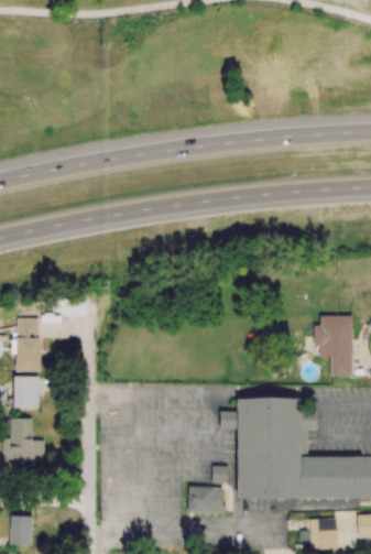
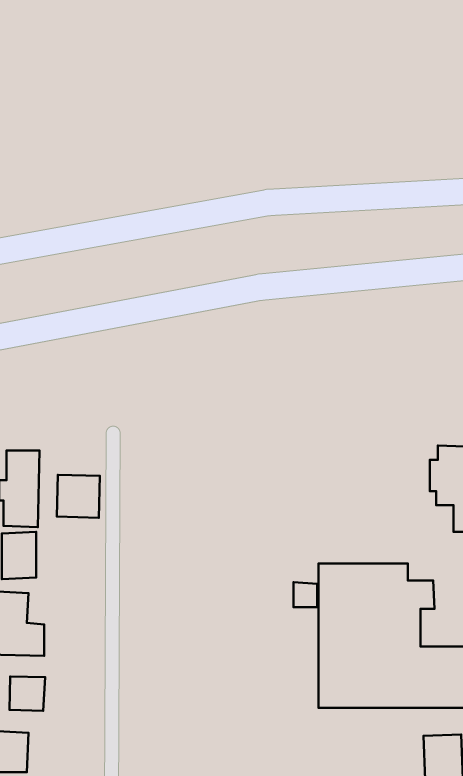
building: none -> [57,475,100,518]
building: none -> [10,676,45,711]
building: [188,487,223,513] -> none

